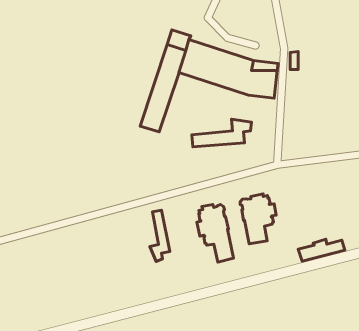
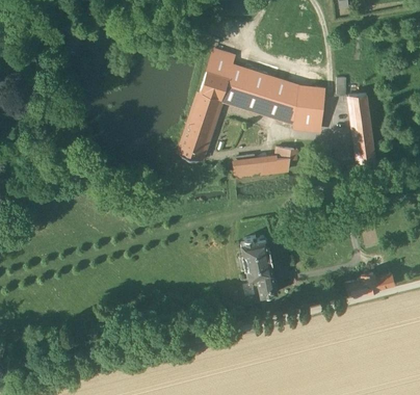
building: none -> [349,95,376,162]
building: [240,194,276,244] -> none
building: [150,210,170,261] -> none

